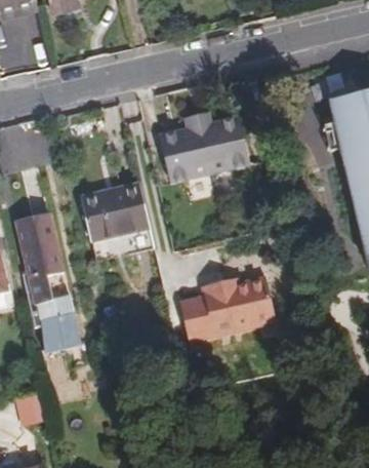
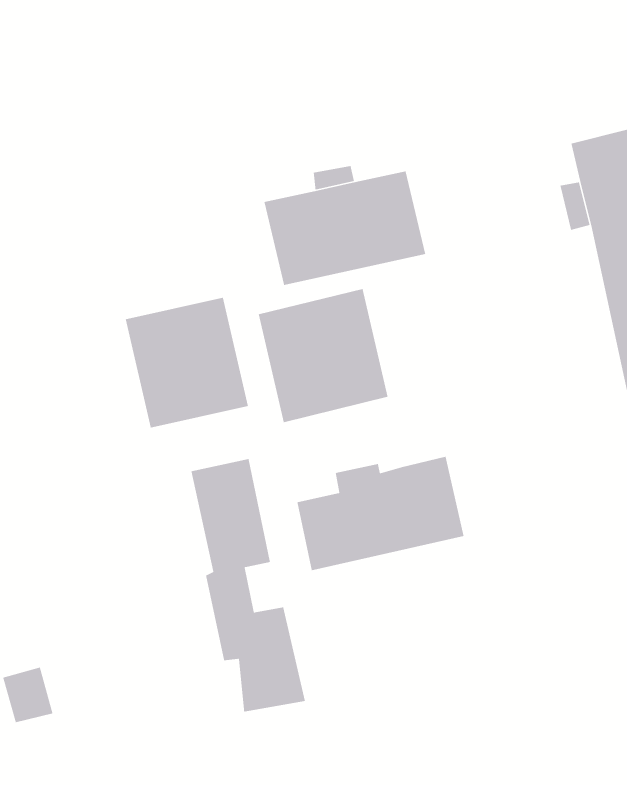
building: none -> [258,288,389,423]
building: [18,216,83,358] -> [191,458,306,712]

